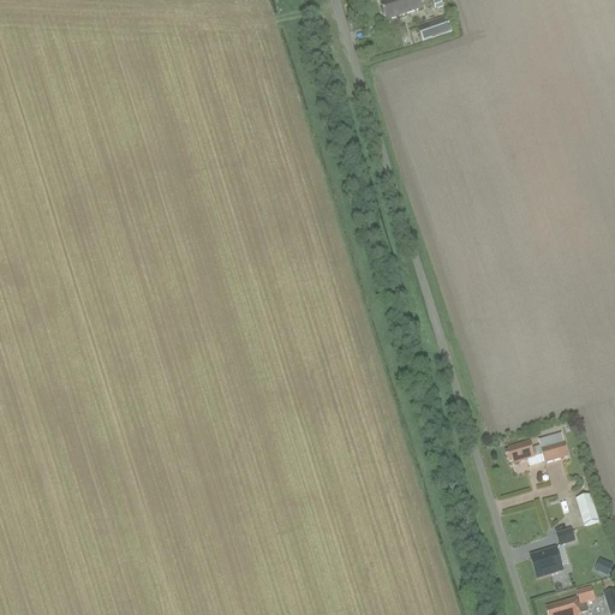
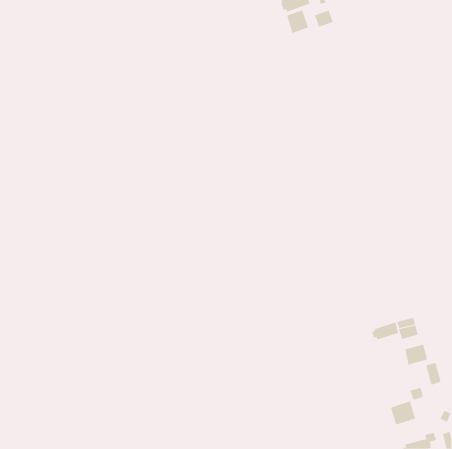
building: none -> [287,10,309,34]
building: none -> [405,344,428,365]

